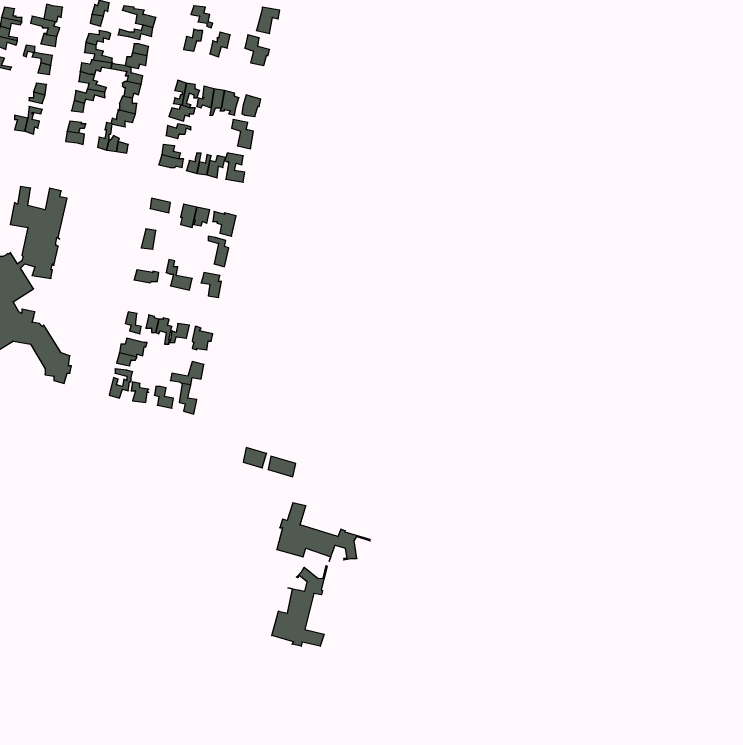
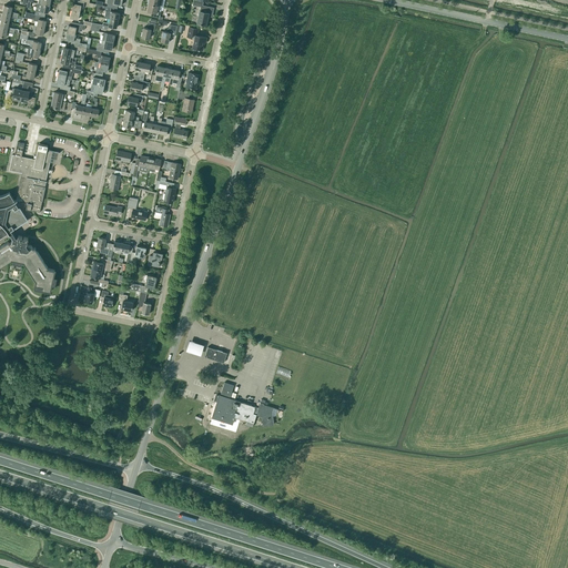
building: [272,566,327,646] -> none

